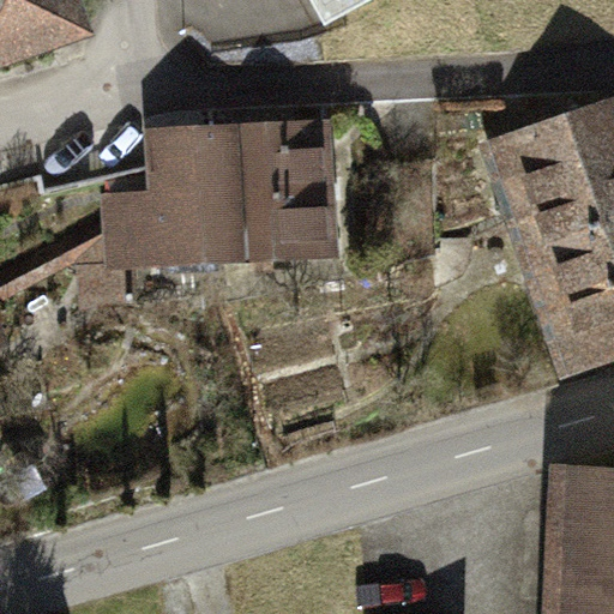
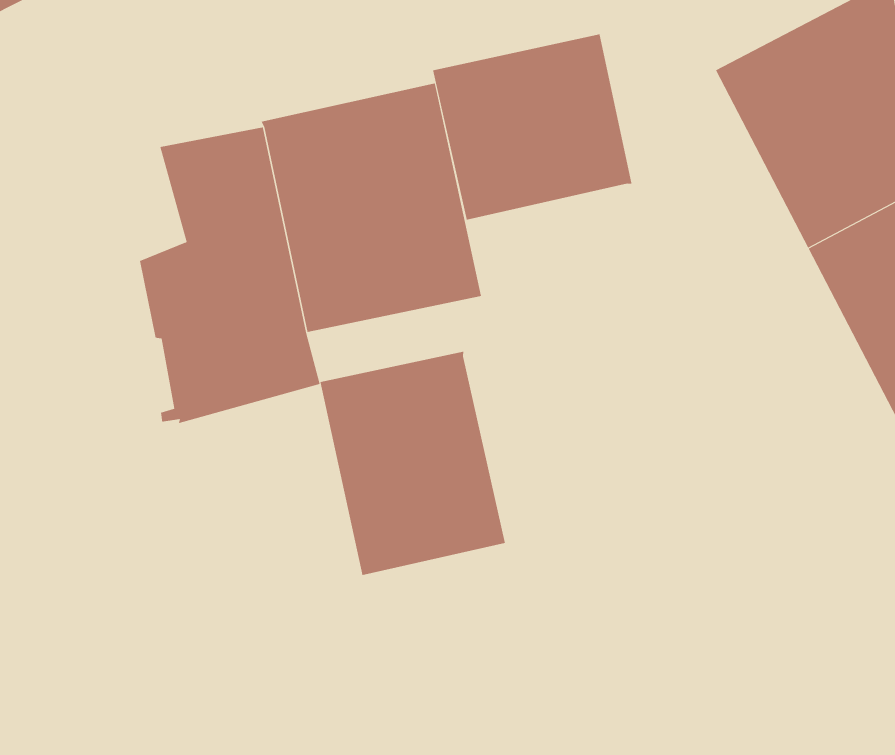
building: none -> [433,34,632,220]
building: none -> [320,351,505,576]

